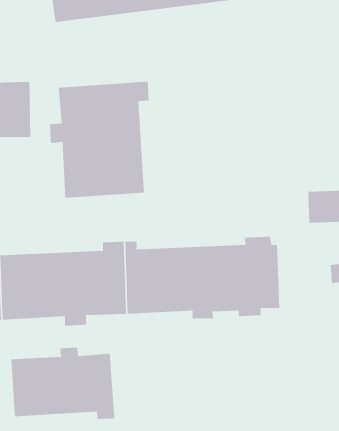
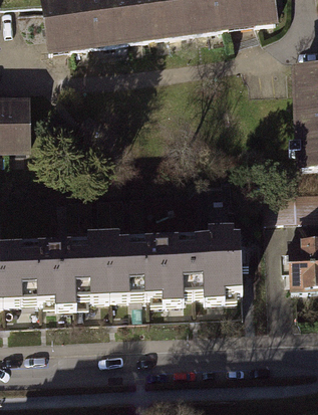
building: [50,81,149,198] -> none
building: [11,347,115,420] -> none

